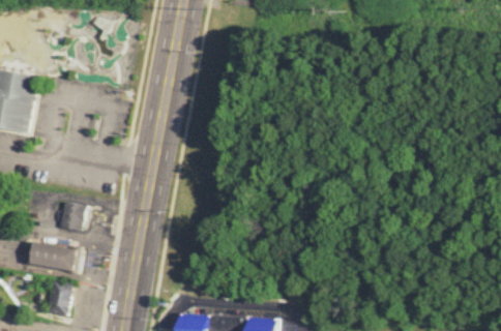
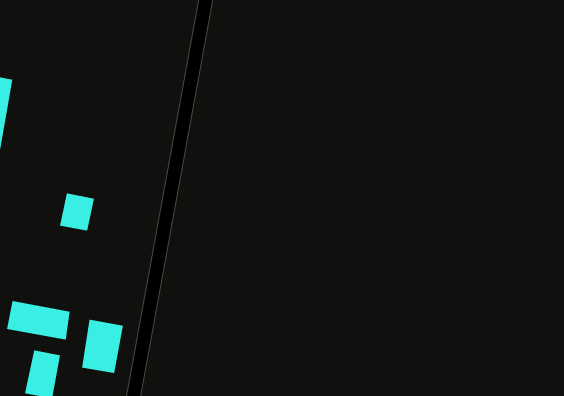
building: [57,203,84,232] -> [59,193,95,231]
building: none -> [82,319,124,374]

